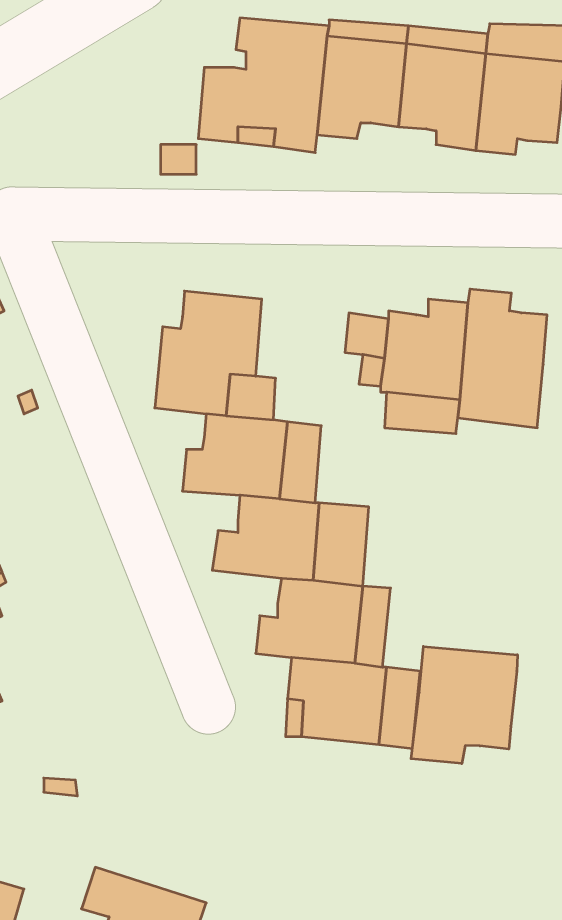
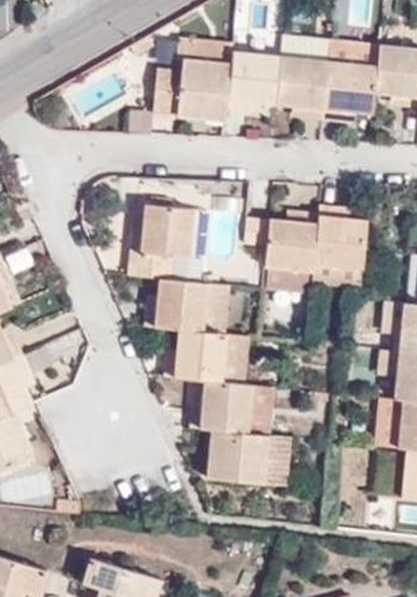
building: [411,646,517,764] -> none

